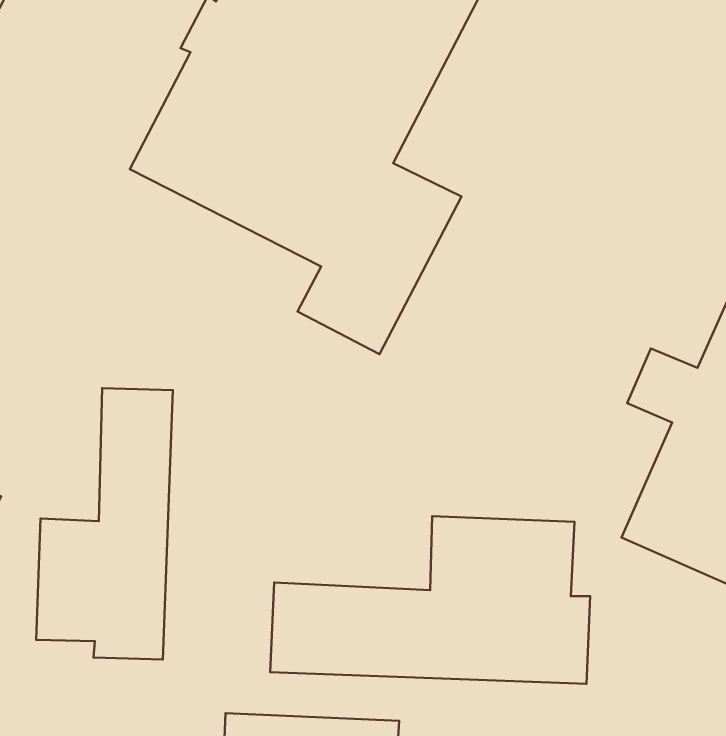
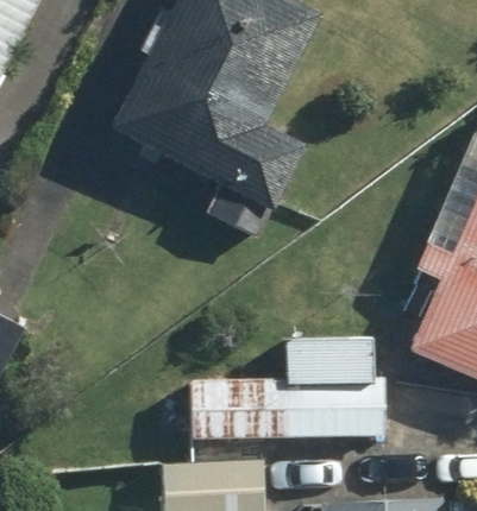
building: [36,388,173,660] -> none

